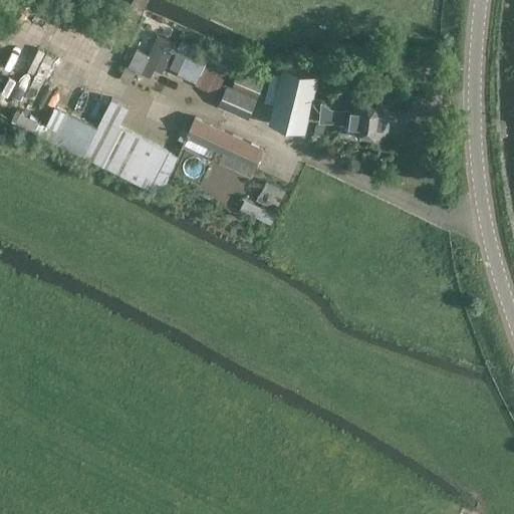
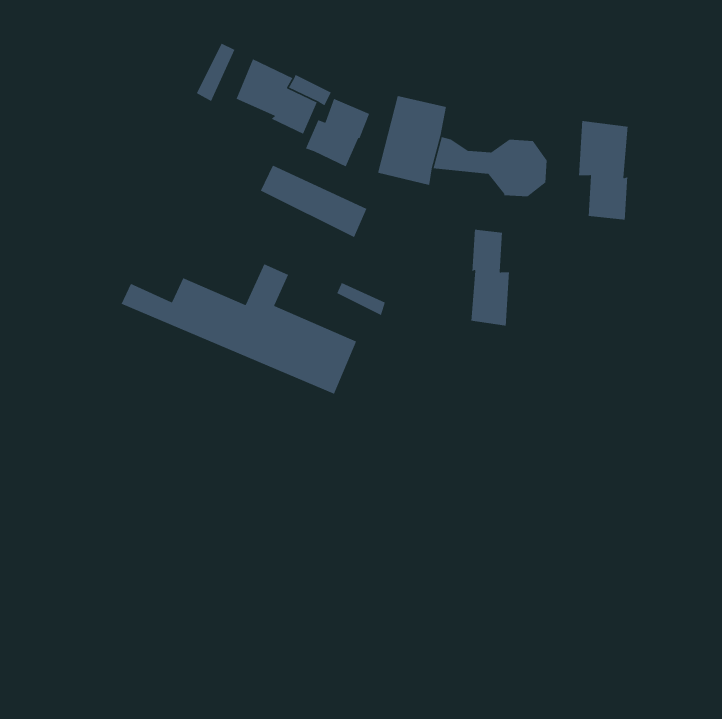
building: none -> [578,120,629,220]
building: [10,98,178,192] -> [120,263,357,395]
building: none -> [470,229,510,326]

